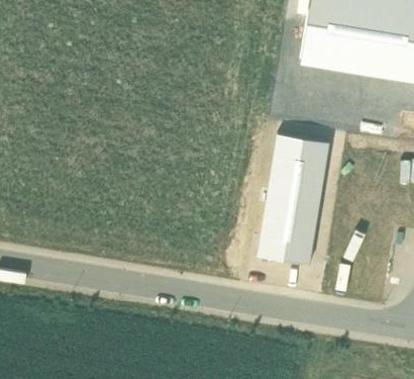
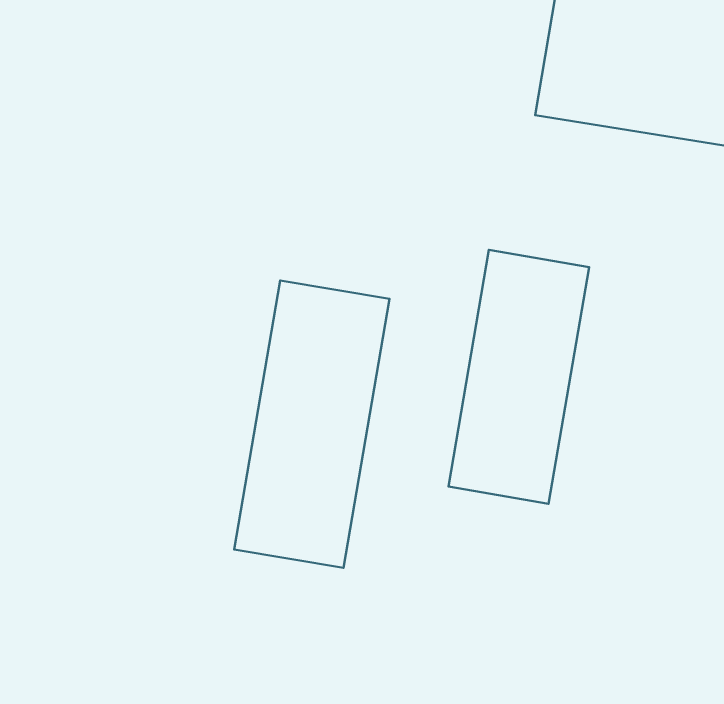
building: none -> [234,280,389,568]

